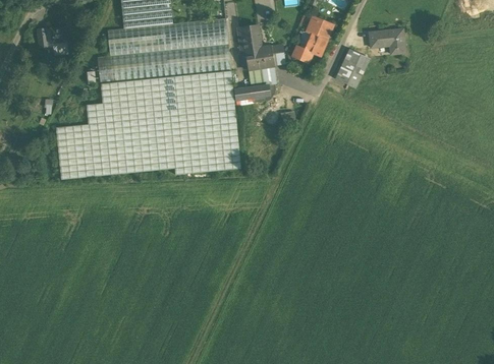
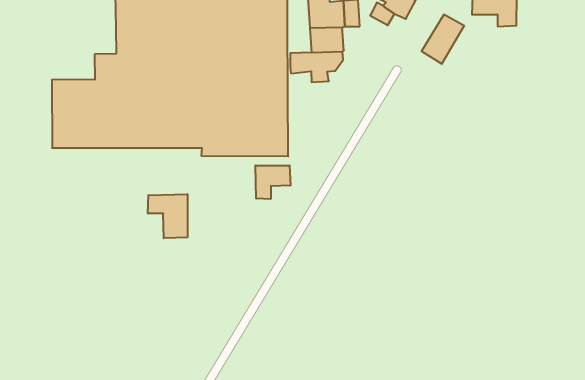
building: none -> [255,165,290,199]
building: none -> [148,194,187,238]

